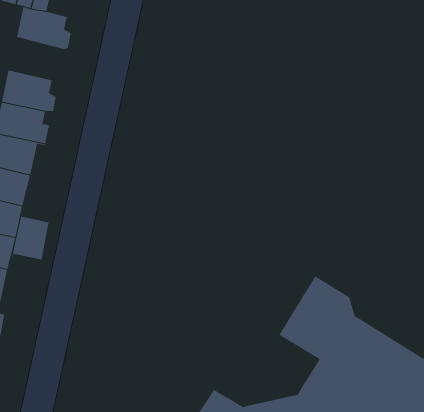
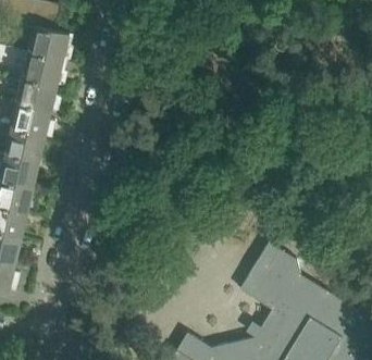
building: none -> [22,51,67,86]
building: [11,216,49,261] -> none

